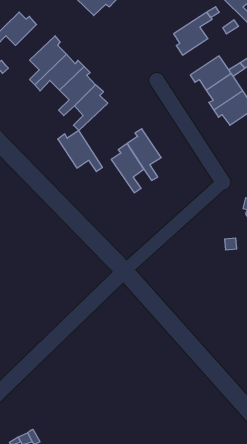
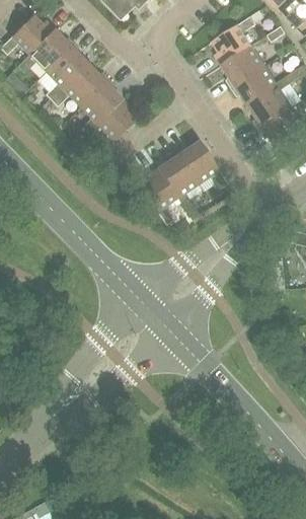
building: none -> [18,29,76,71]
building: none -> [223,46,265,88]
building: [58,130,102,172] -> [176,140,228,188]

